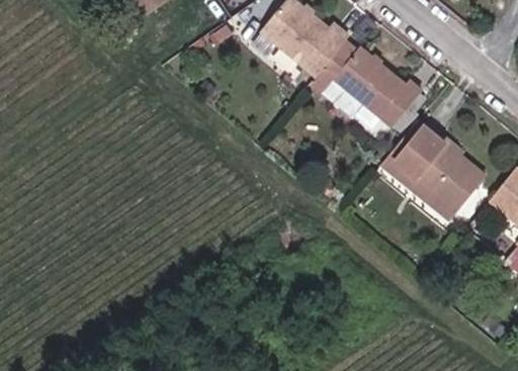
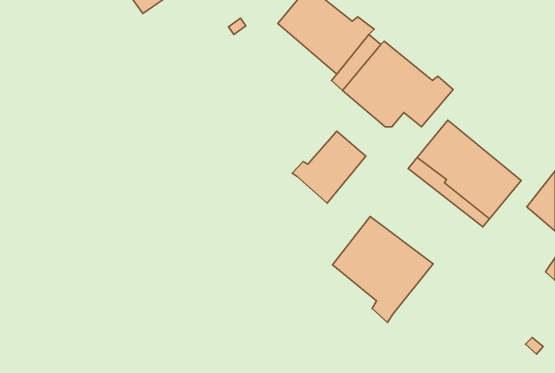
building: none -> [292,131,366,203]
building: none -> [332,217,433,322]

